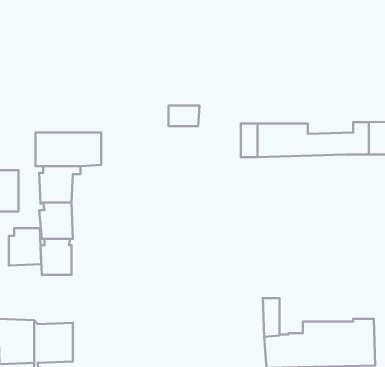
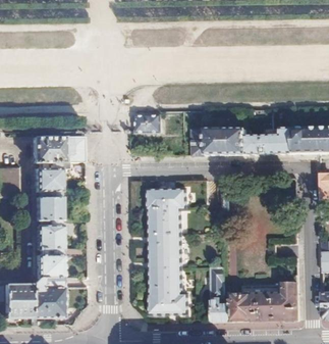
building: none -> [146,186,188,313]
building: [9,228,41,266] -> [34,247,59,277]

